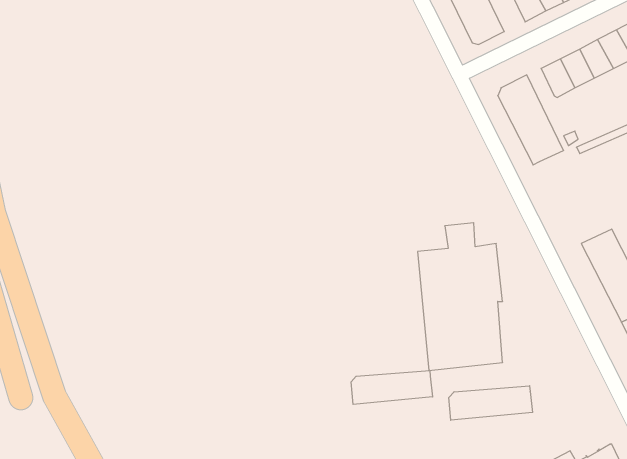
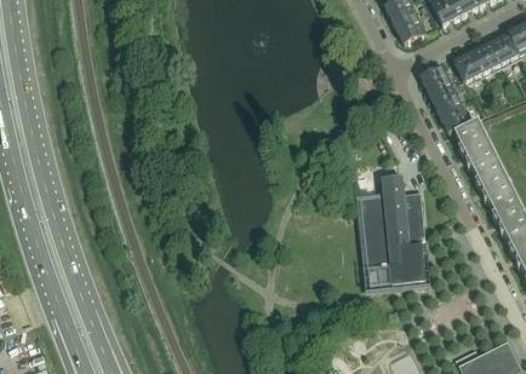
building: none -> [453,121,510,192]
building: [351,370,433,404] -> none
building: [449,386,533,420] -> none

